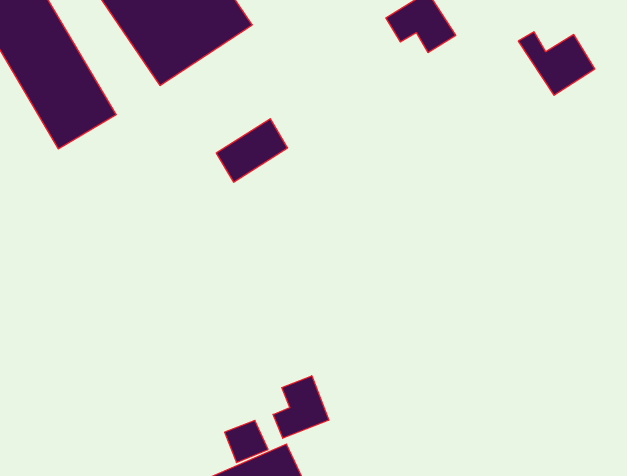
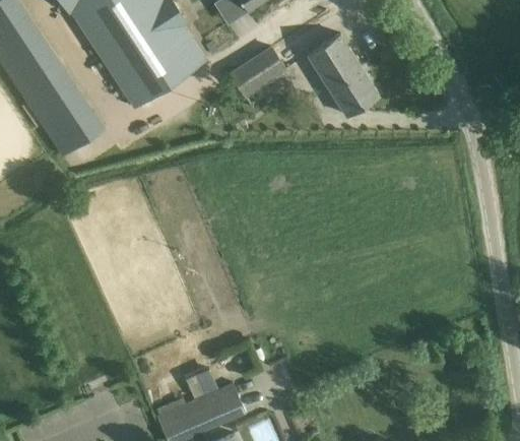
building: [518,32,595,95] -> [319,67,378,116]
building: [216,119,288,182] -> [230,48,284,97]
building: [273,376,329,438] -> none

